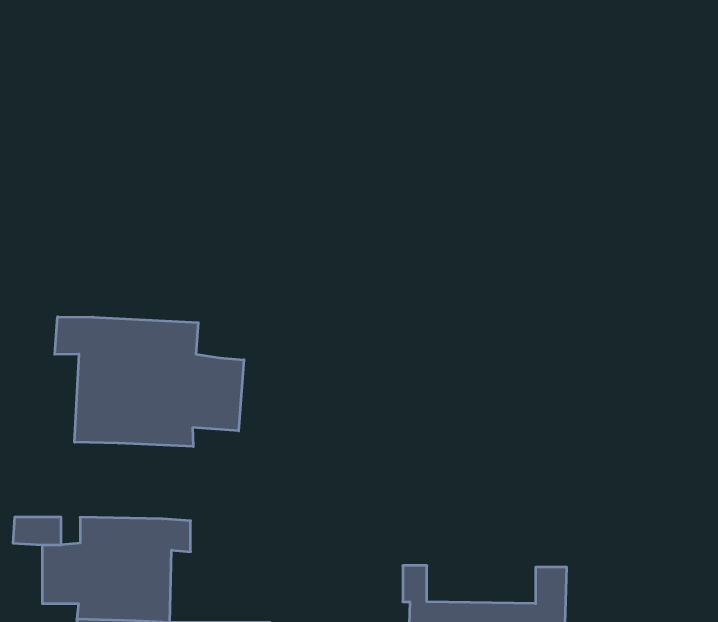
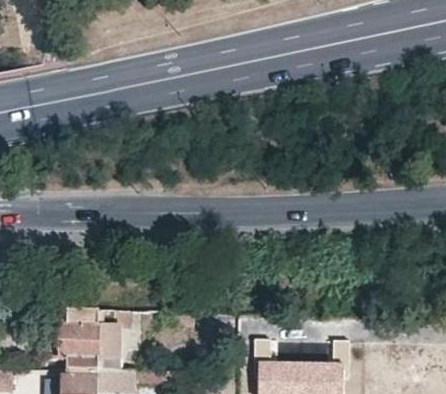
building: [55,317,244,447] -> none

